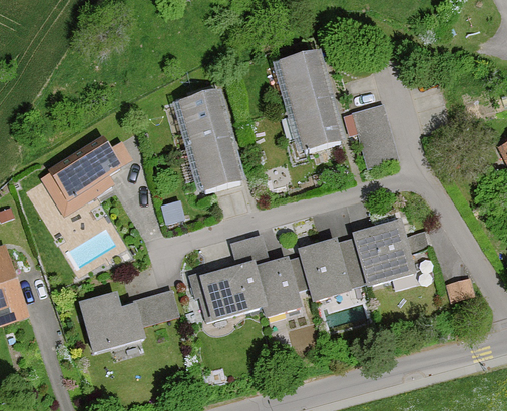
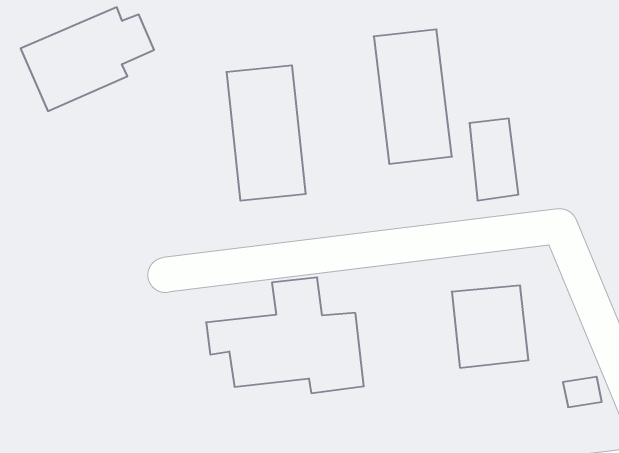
building: [37,137,130,217] -> [21,7,154,111]
building: [300,237,357,300] -> none
building: [79,291,178,353] -> none

